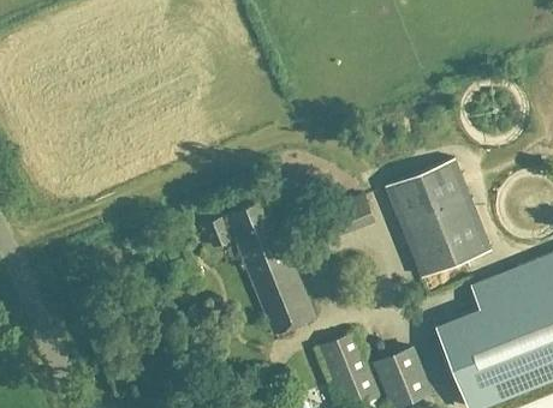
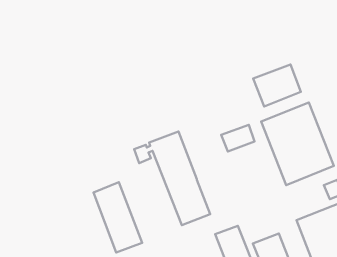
building: none -> [253,65,301,106]
building: none -> [93,182,142,252]

